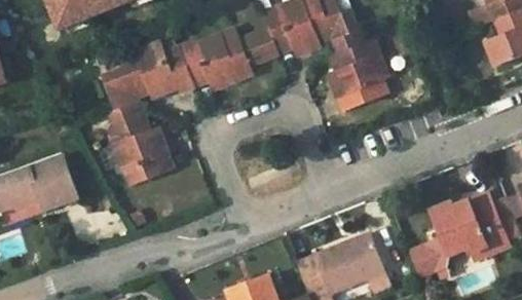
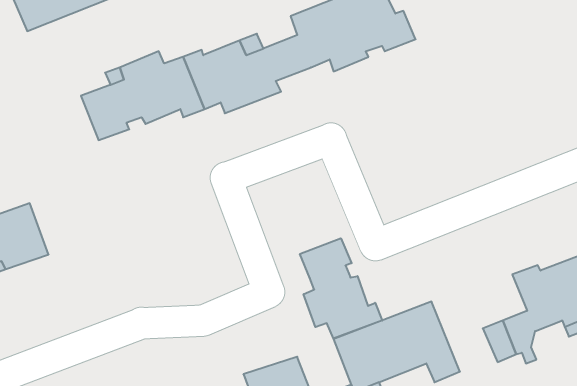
building: [328,30,387,112] -> none
building: [109,101,173,185] -> none
building: none -> [300,238,382,339]

